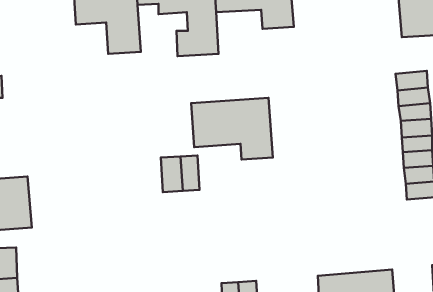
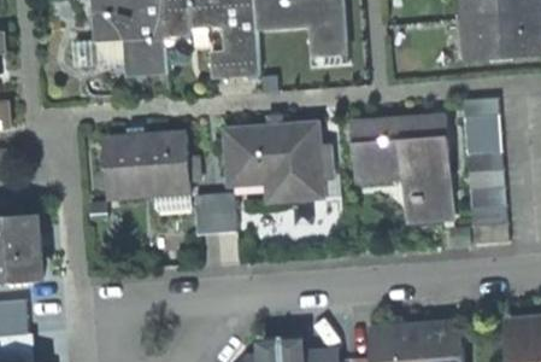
building: none -> [353,117,451,223]
building: none -> [105,135,187,194]

